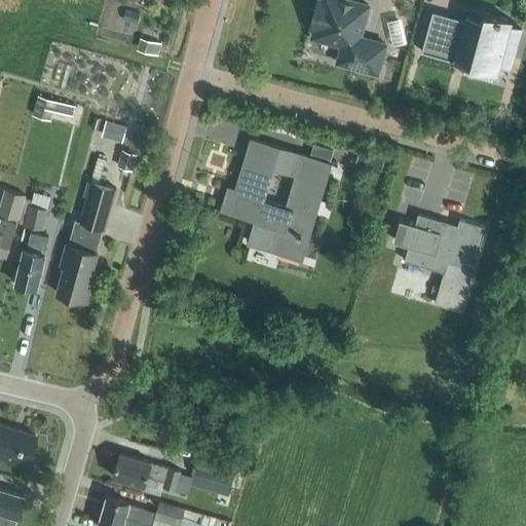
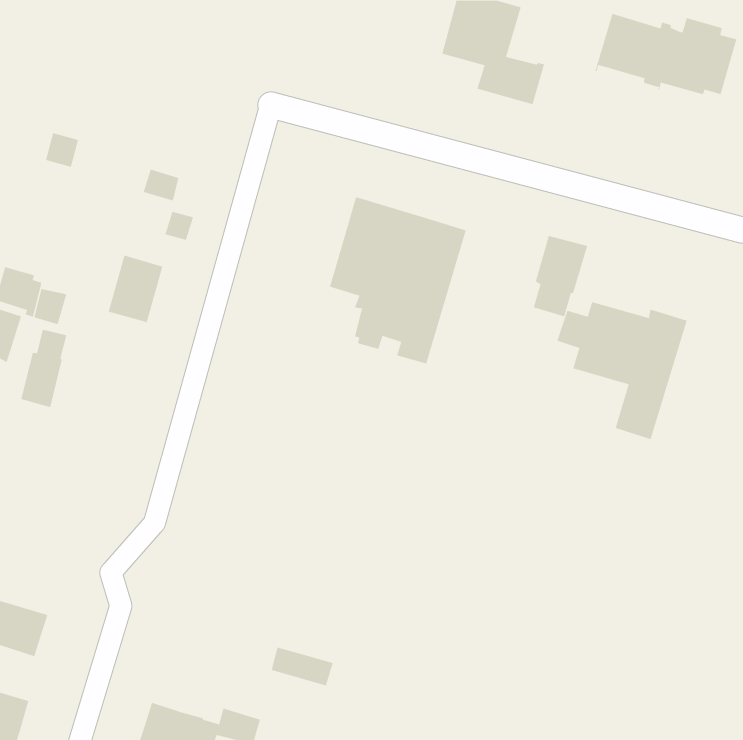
building: none -> [533,235,588,317]
building: [55,223,102,304] -> none
building: [112,455,180,492] -> none

